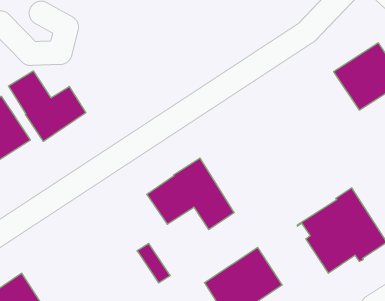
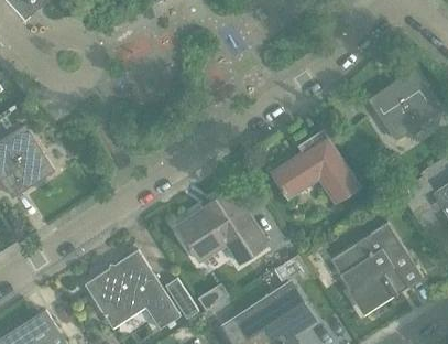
building: [8,71,86,141] -> none
building: none -> [269,132,358,205]
building: none -> [83,252,178,332]

